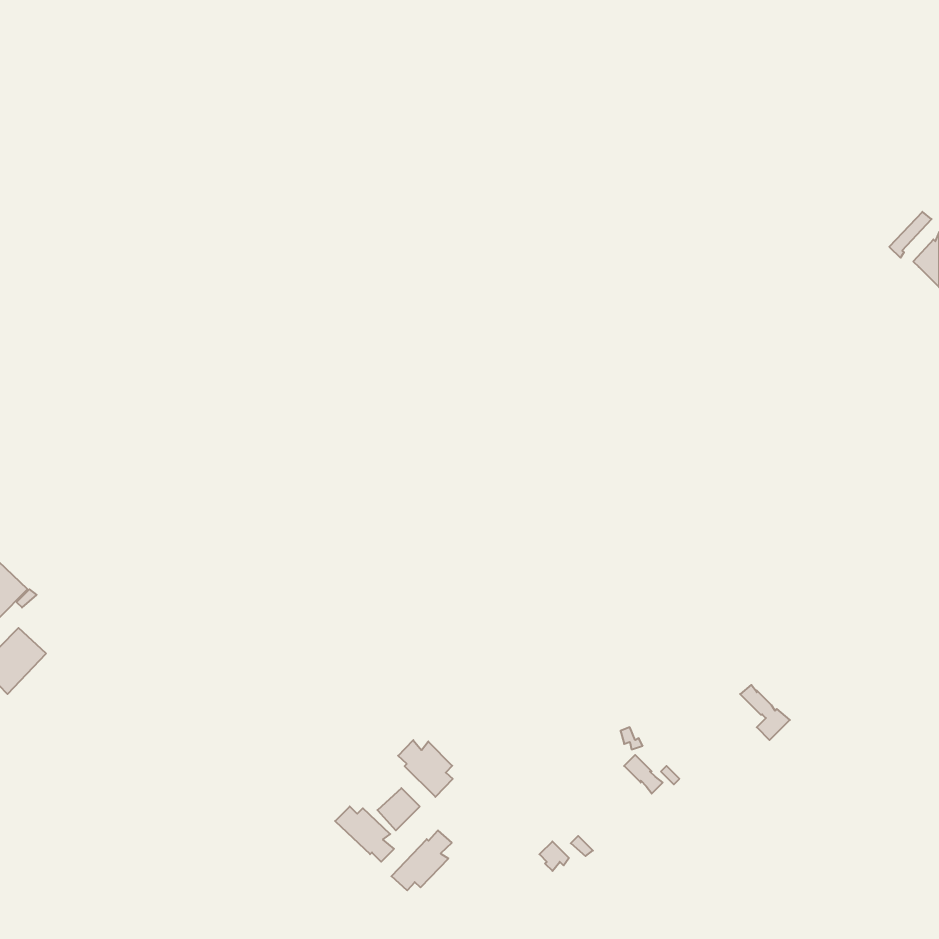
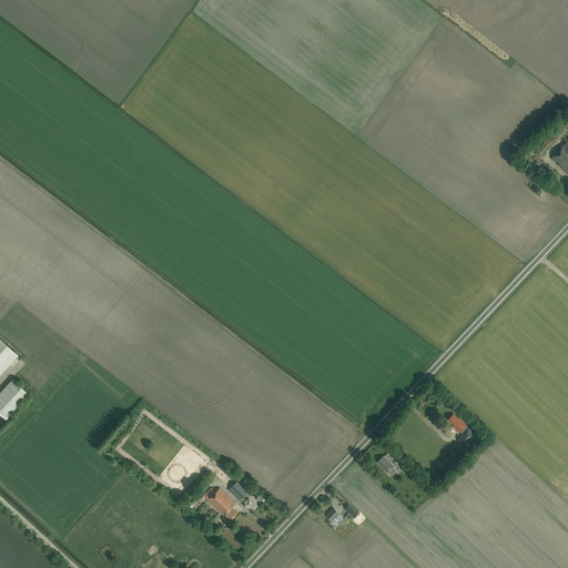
building: [398,740,453,797] -> none
building: [391,830,452,890] -> none

